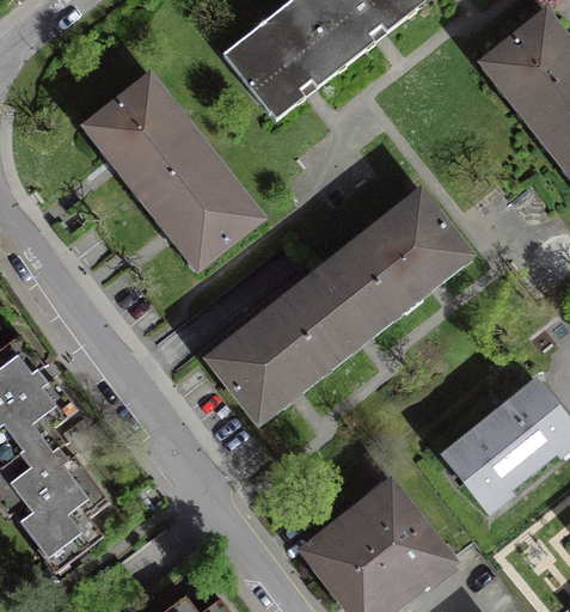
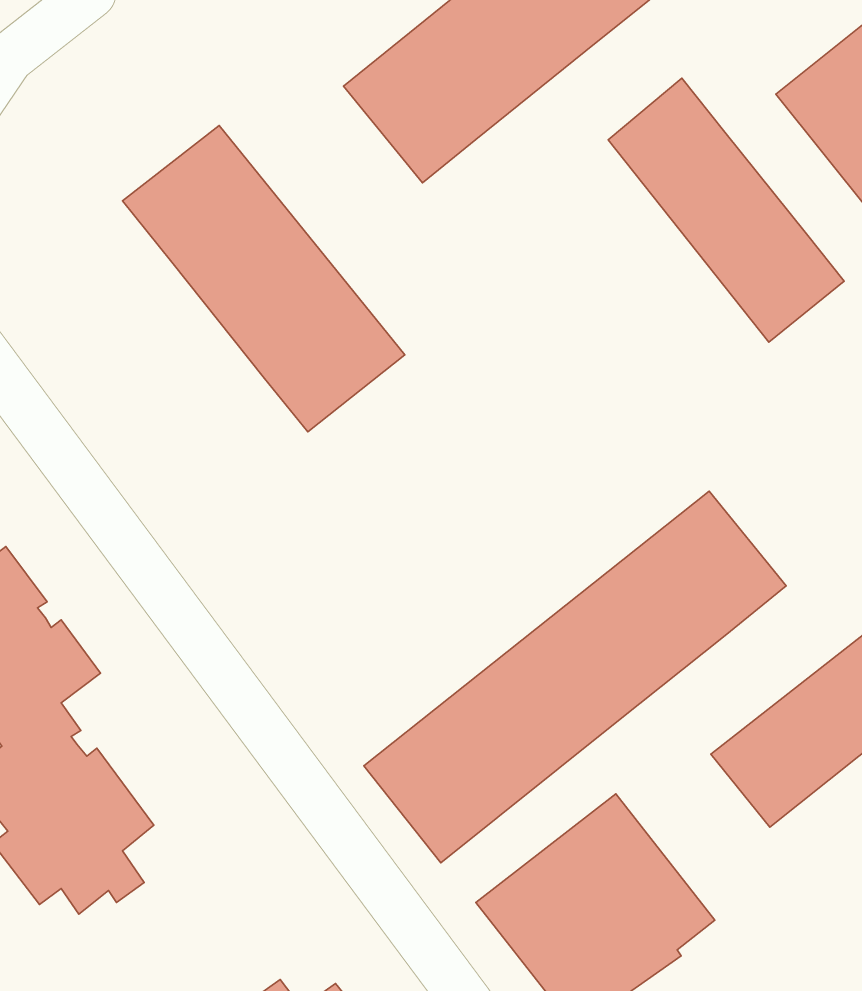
building: none -> [608,78,844,342]
building: [209,196,465,421] -> [364,491,786,863]

